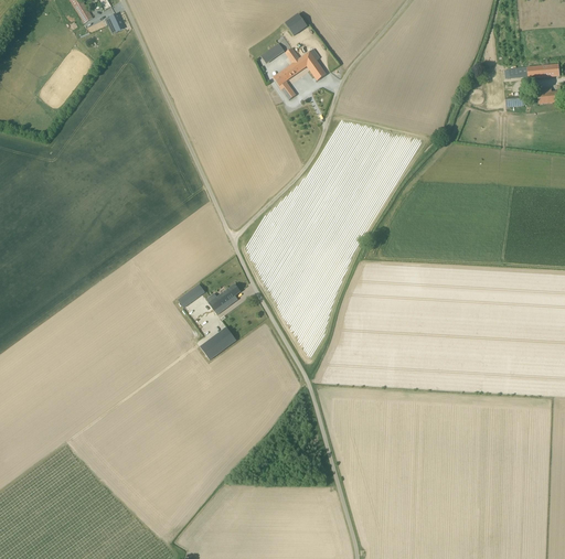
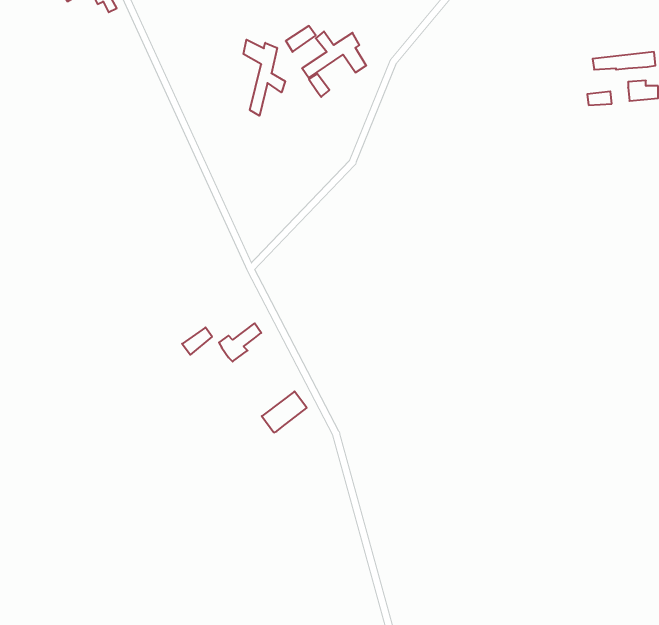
building: none -> [243,40,285,116]
building: [200,326,236,359] -> [262,391,307,432]

